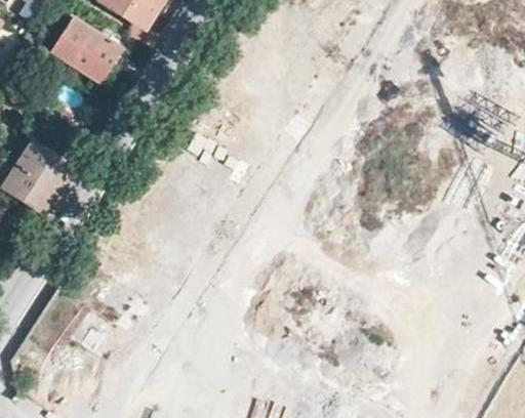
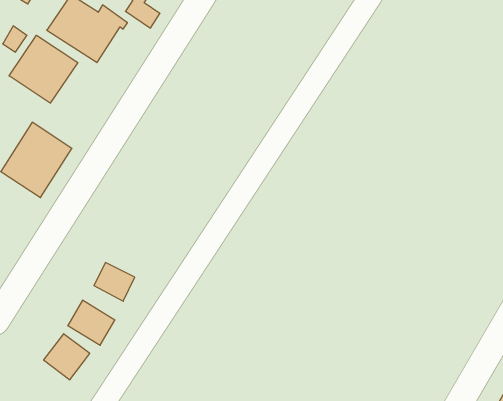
building: none -> [9,35,78,103]

